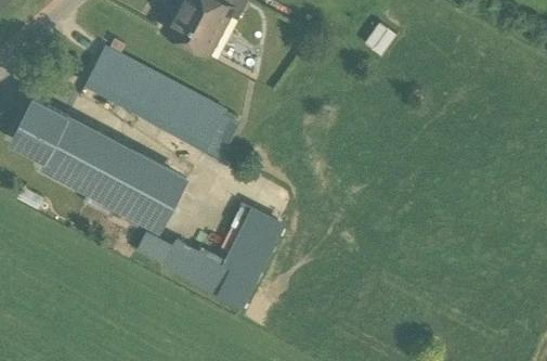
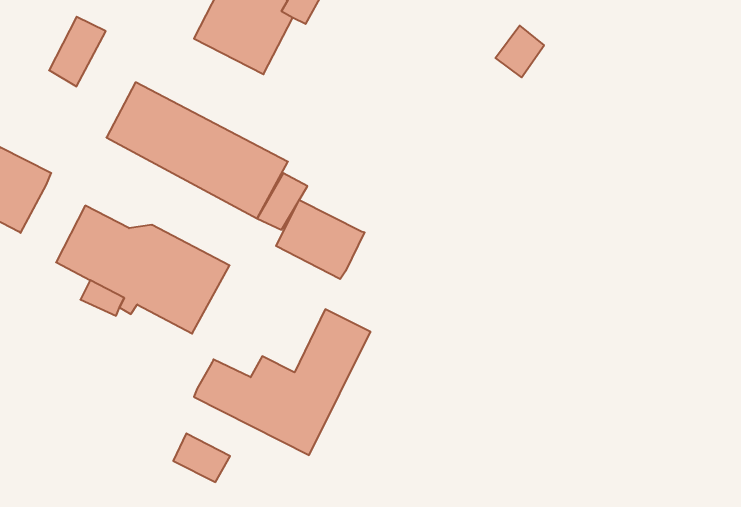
building: [86,49,123,95] -> [49,17,106,86]
building: [42,127,90,179] -> none
building: none -> [276,200,365,279]
building: [136,231,174,263] -> [173,433,230,482]

